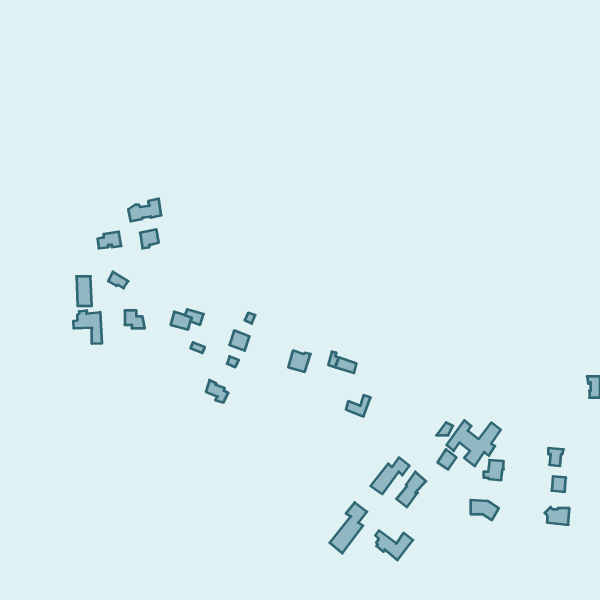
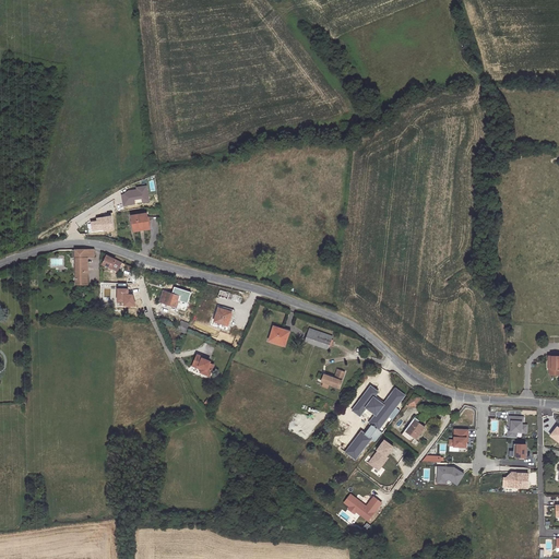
building: [73,310,102,344] -> none
building: [447,420,501,466] -> [353,385,403,428]
building: [330,502,367,553] -> none

